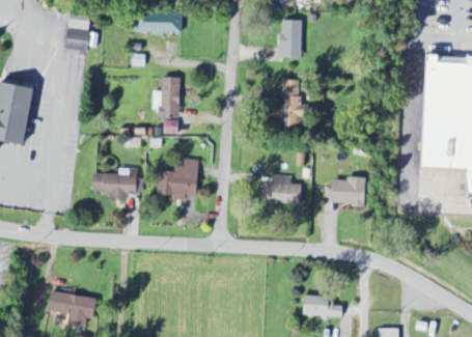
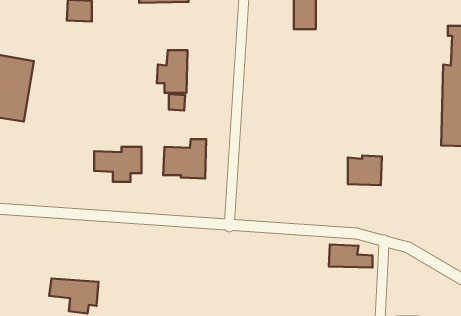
building: [282,79,308,131] -> none
building: [270,174,302,203] -> none
building: [302,294,343,316] -> [329,245,373,268]

